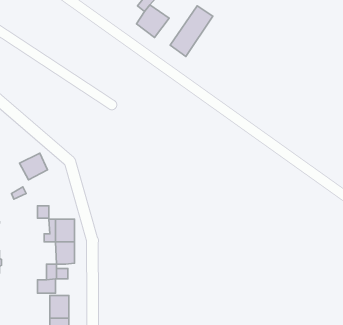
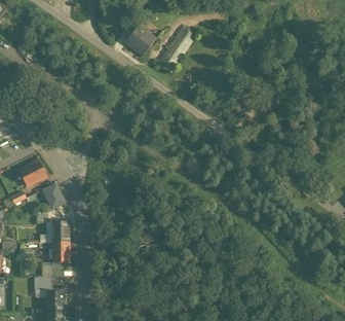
building: none -> [42,180,68,209]

